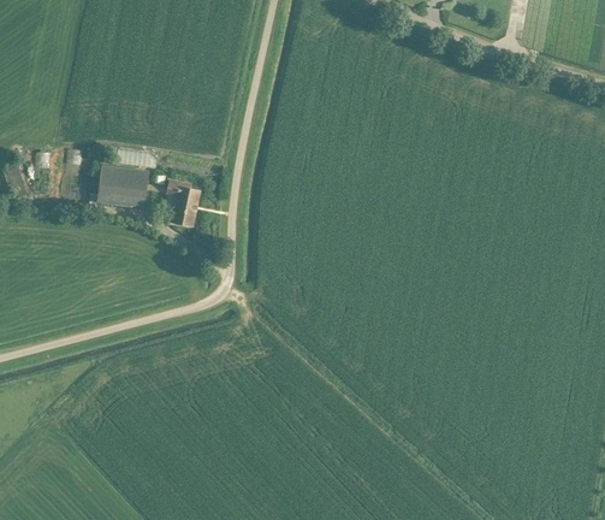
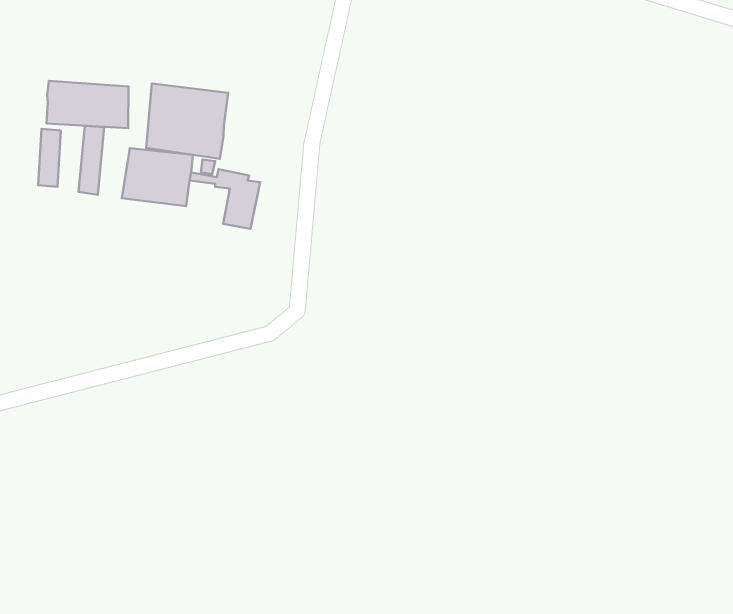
building: none -> [46,81,128,128]
building: none -> [146,83,228,159]

